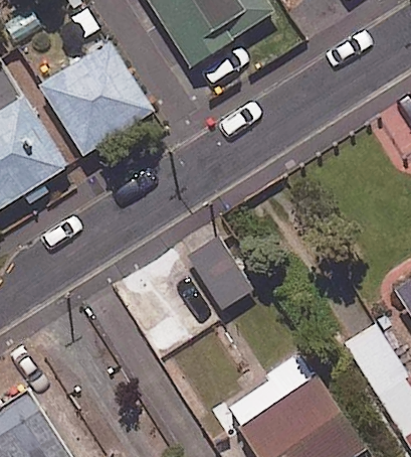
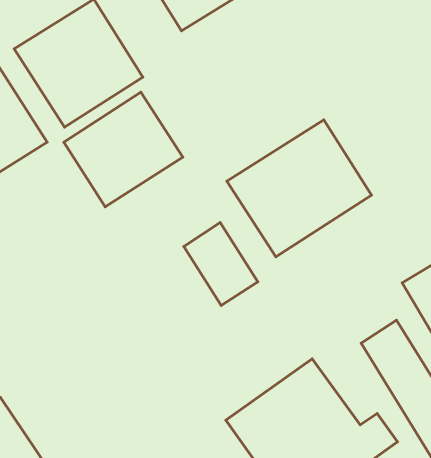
building: none -> [64,92,183,207]
building: none -> [227,120,372,257]

